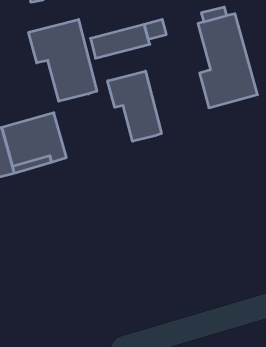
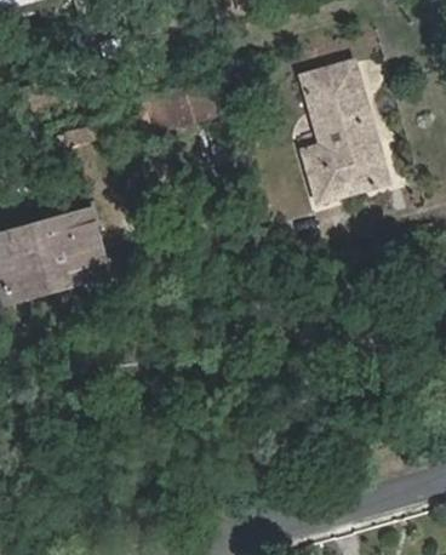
building: [29,19,97,101] -> none
building: [108,71,161,141] -> none

